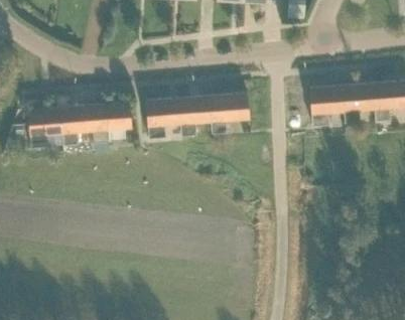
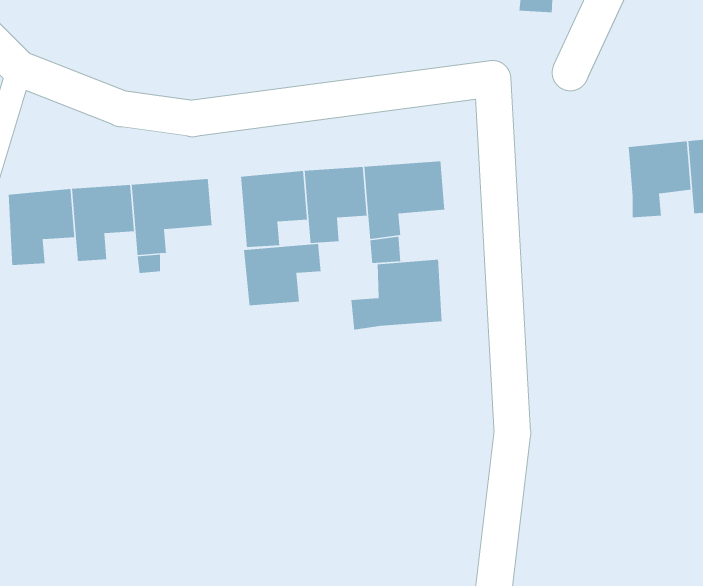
building: [309,87,345,125] -> none
building: none -> [243,243,322,306]
building: none -> [351,259,443,331]

